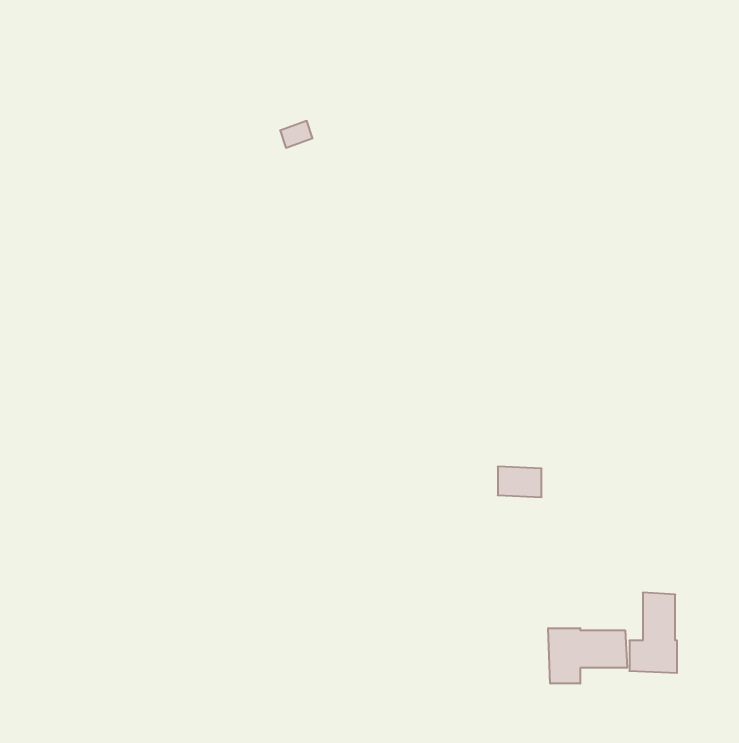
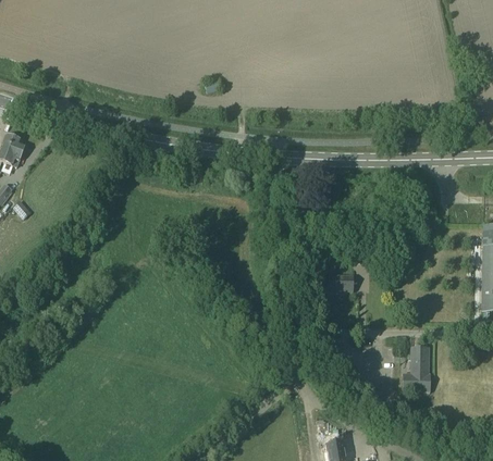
building: [548,628,627,684] -> none

